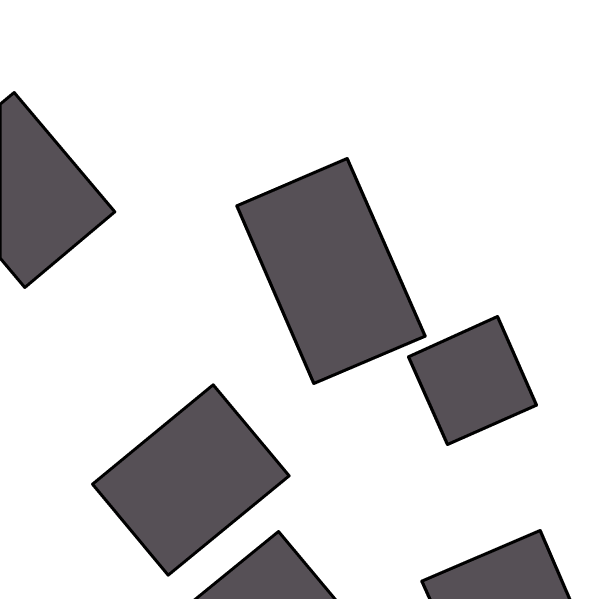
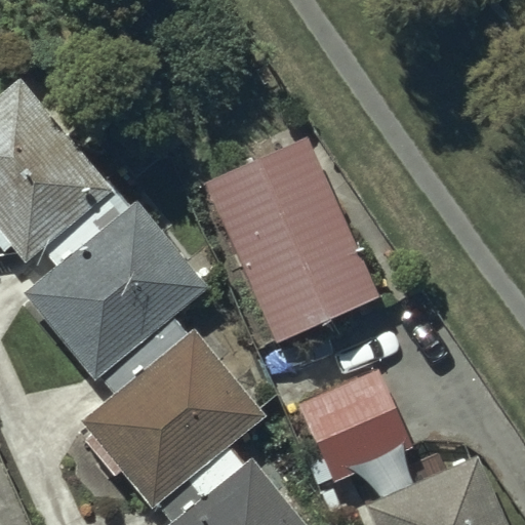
building: none -> [27,209,197,374]
building: [409,317,537,444] -> [301,369,412,480]

